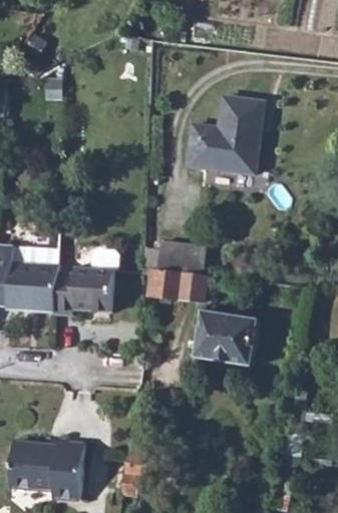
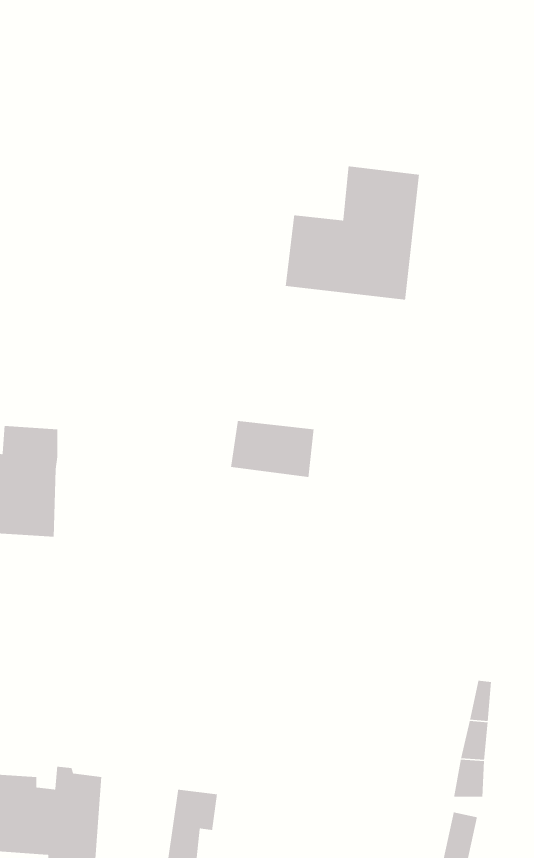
building: [55,249,118,314] -> none
building: [141,268,206,304] -> none
building: [195,313,259,369] -> none

